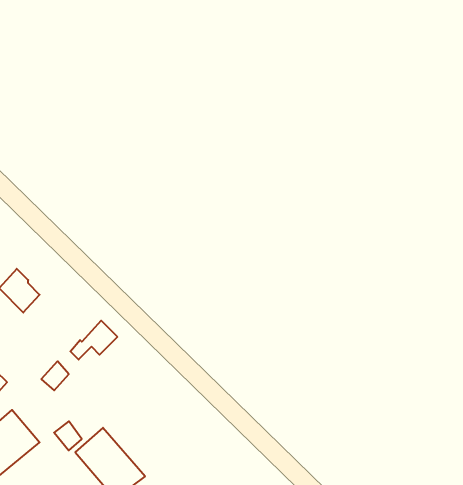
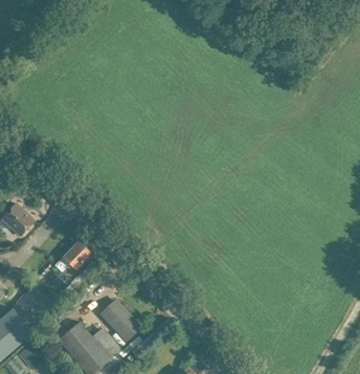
building: none -> [100,299,143,344]

